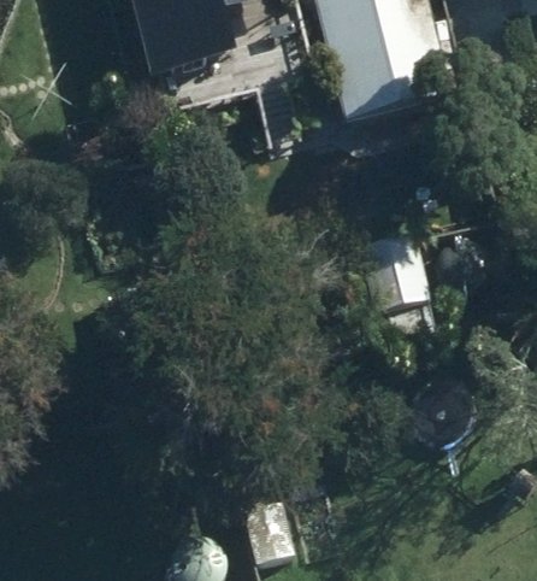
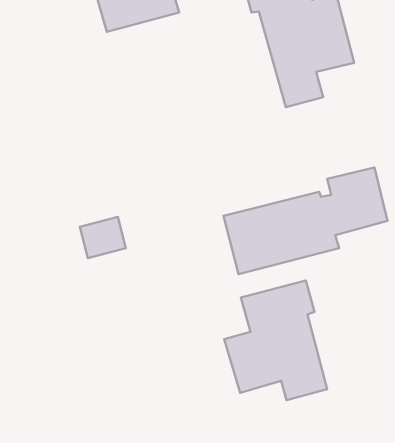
building: none -> [224,280,327,400]

